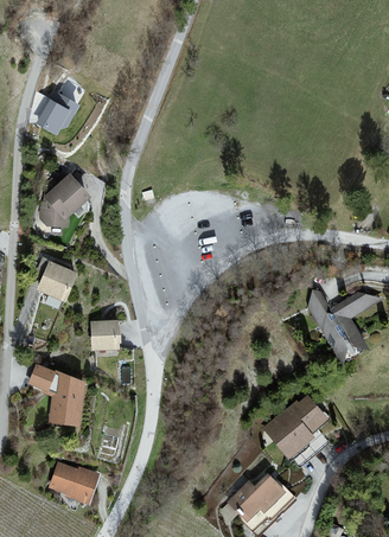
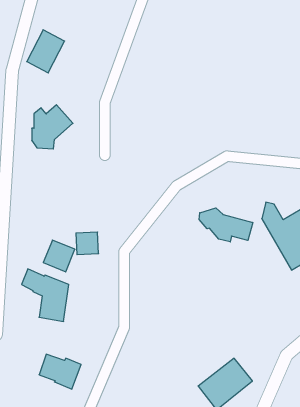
building: [38,262,75,299] -> [43,240,75,272]
building: none -> [199,208,253,242]
building: [261,392,333,462] -> none

